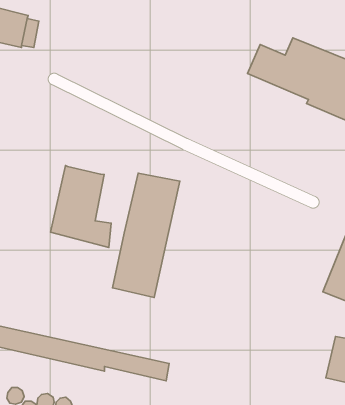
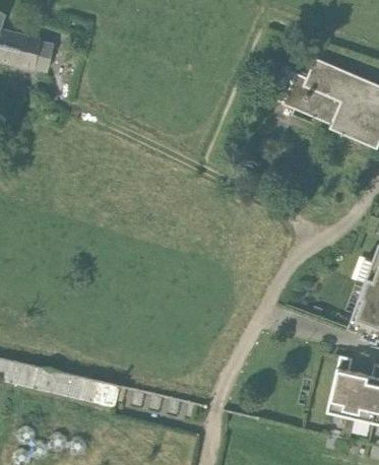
building: [51,166,111,247] -> none
building: [112,173,180,298] -> none
building: none -> [328,354,362,416]

